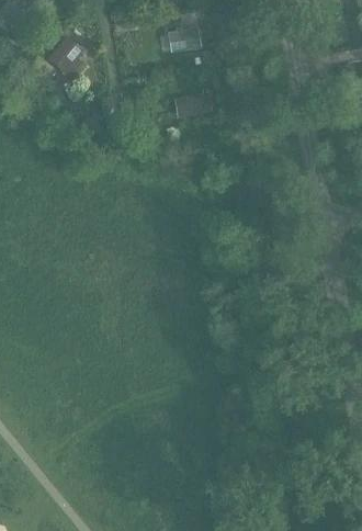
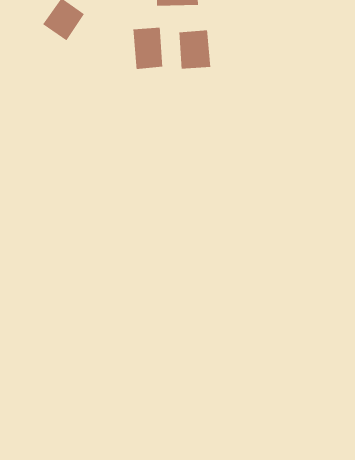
building: none -> [133,27,163,70]

